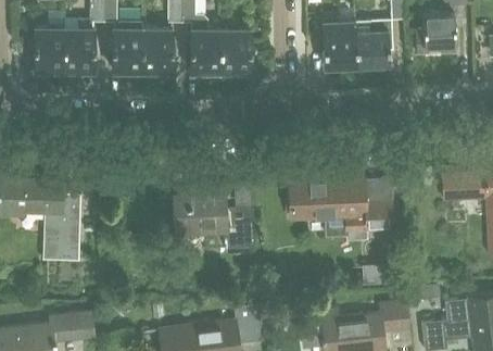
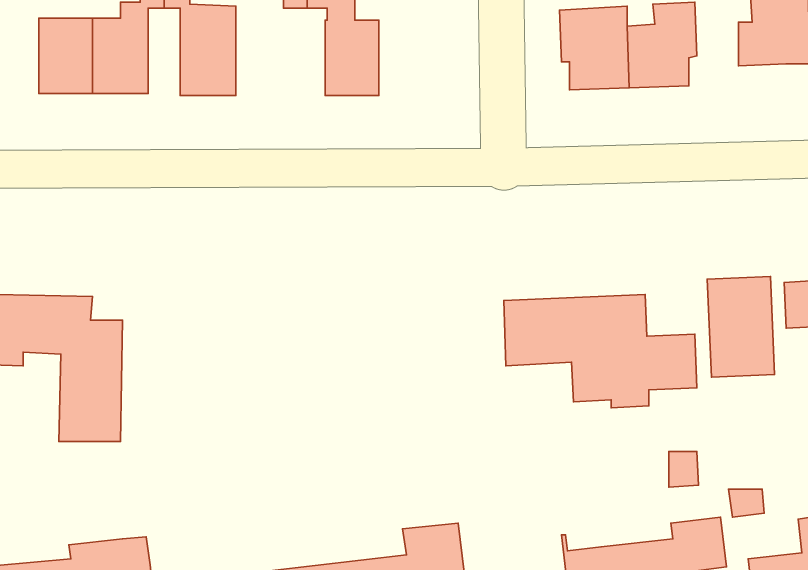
building: [141,29,172,71] -> none
building: [219,29,250,71] -> none
building: none -> [707,277,775,377]
building: [170,184,255,247] -> none

